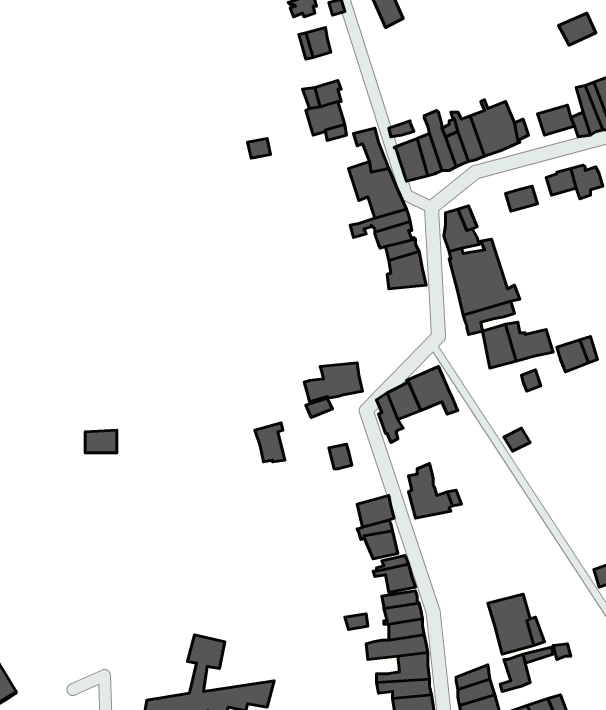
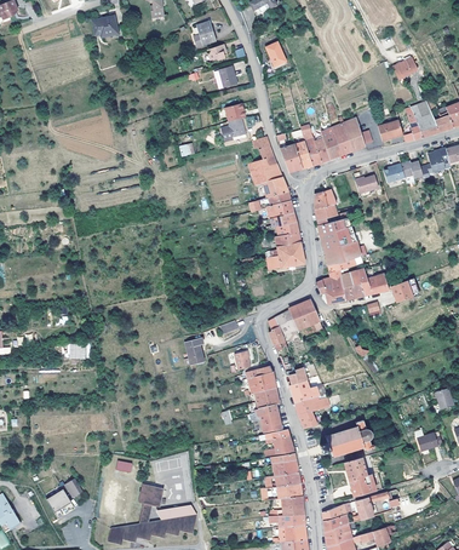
building: none -> [316,275,345,304]
building: [304,363,362,402] -> [265,244,305,270]
building: none -> [246,366,276,394]
building: none -> [294,397,329,429]
building: none -> [320,419,374,458]
building: none -> [46,479,82,519]

